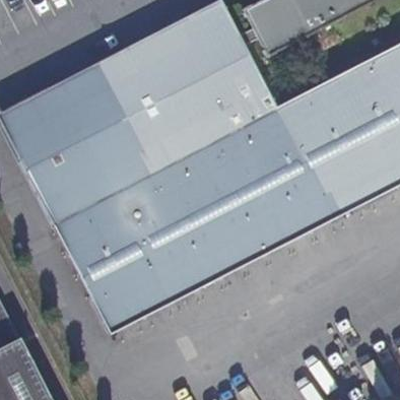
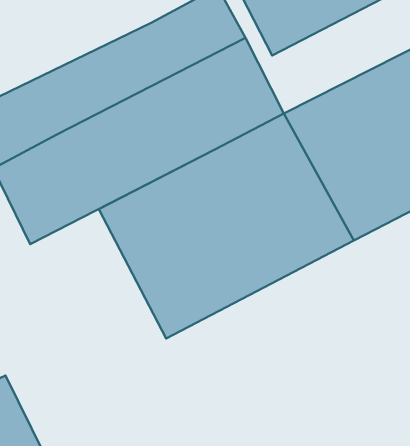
building: [54,191,173,333] -> none

